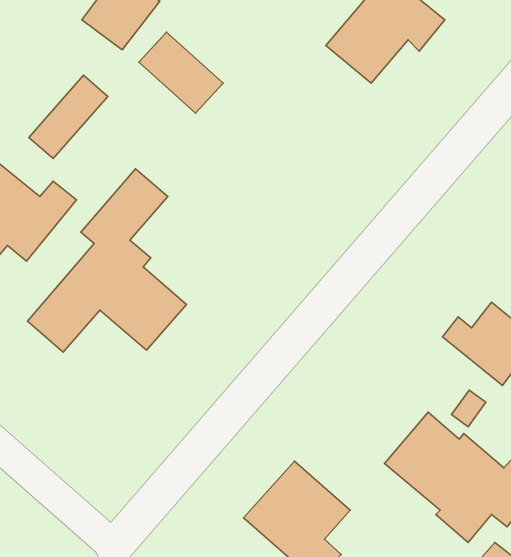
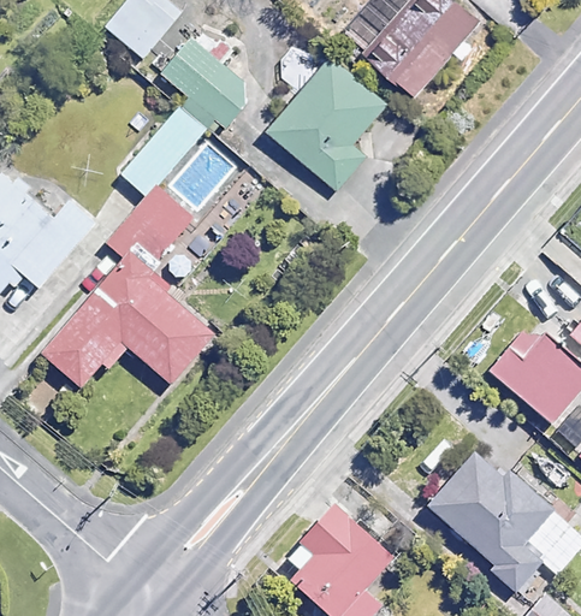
building: none -> [268,57,385,189]
building: [29,75,108,159] -> [121,107,207,197]

